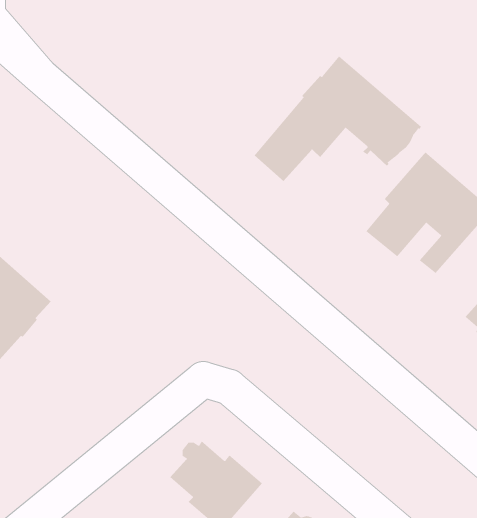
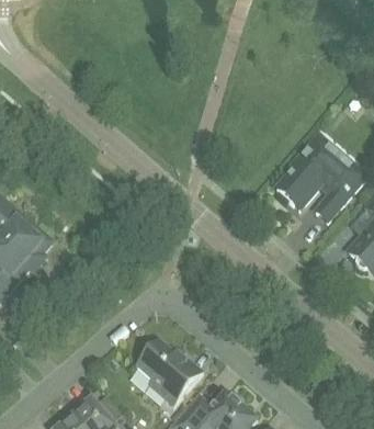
building: [254,56,422,182] -> none

